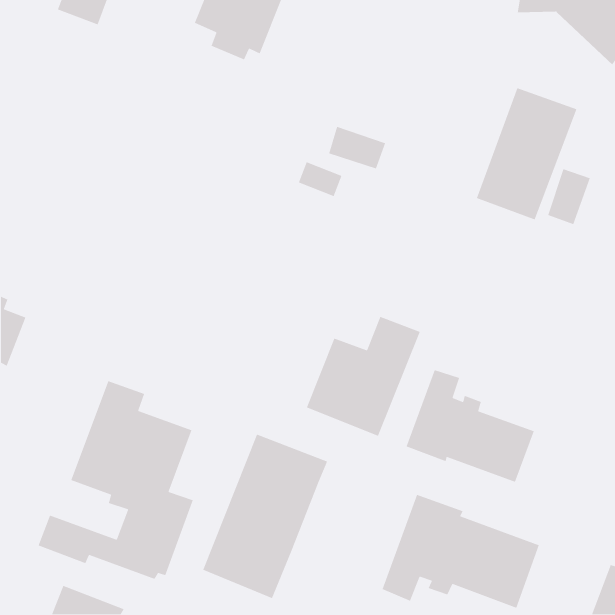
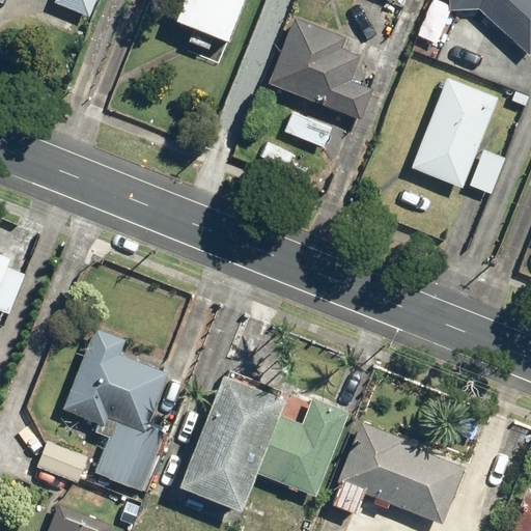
building: none -> [266,13,372,123]
building: [306,316,421,437] -> [253,394,352,498]
building: [406,369,535,483] -> none

